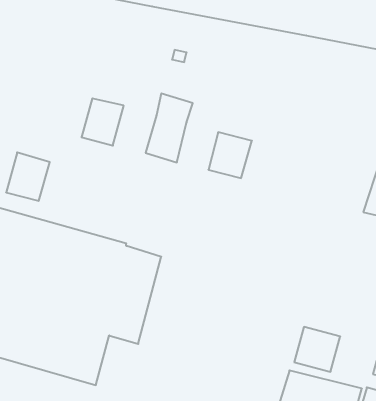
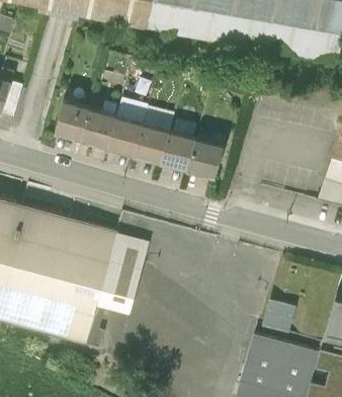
building: none -> [106,112,143,152]
building: none -> [160,115,196,166]
building: [6,152,50,201] -> [53,98,89,139]

